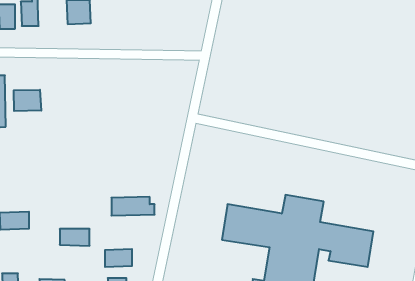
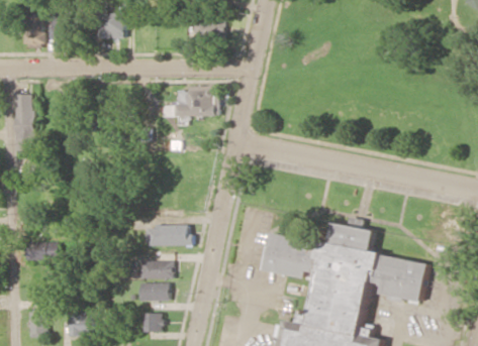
building: none -> [192,21,224,37]
building: none -> [161,86,219,117]
building: [14,90,41,111] -> none
building: [60,229,90,246] -> [140,261,173,279]

